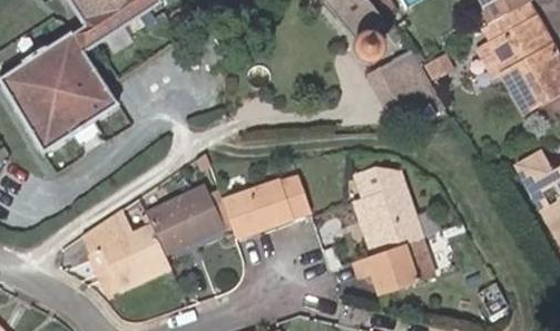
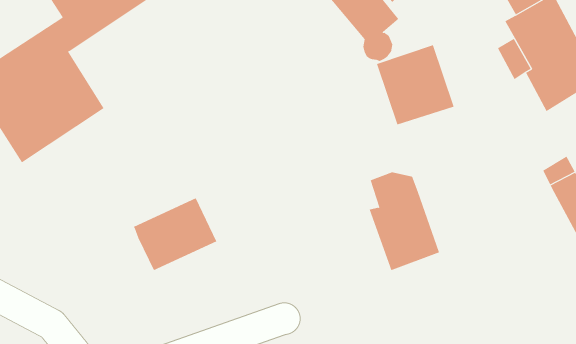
building: [222,176,310,237] -> none
building: [81,207,170,294] -> none
building: [354,236,438,298] -> none

